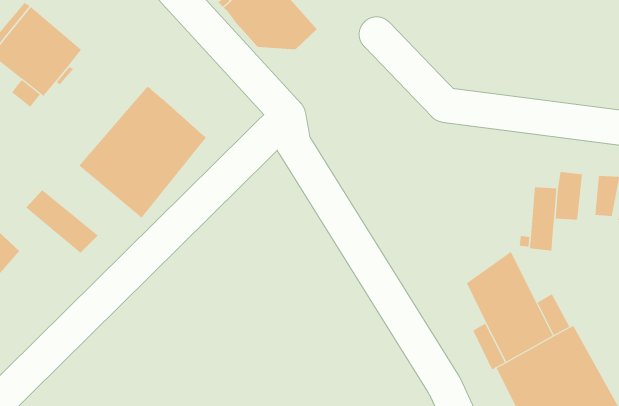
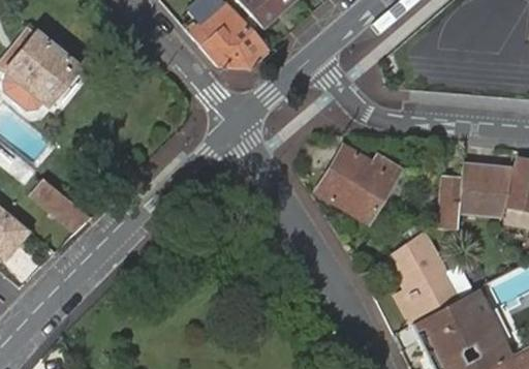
building: [79,86,207,219] -> none
building: none -> [317,146,401,221]
building: none -> [459,167,506,219]

